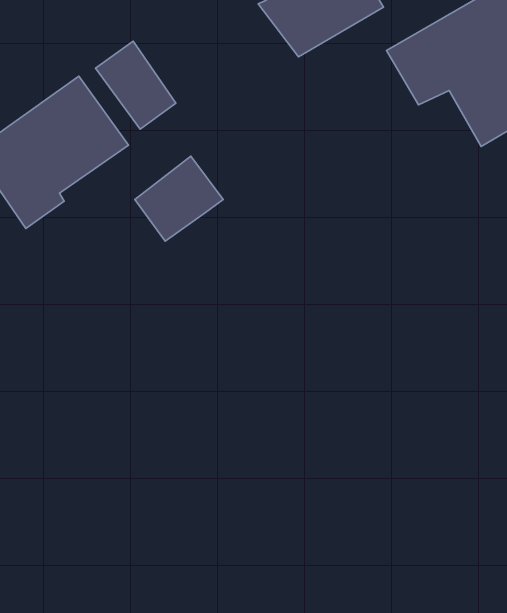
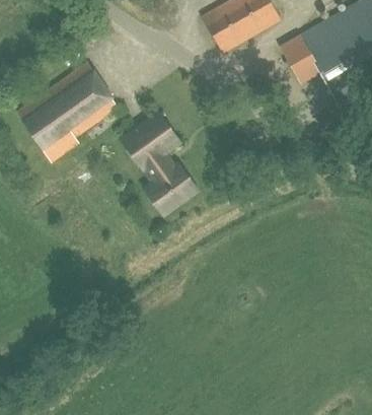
building: [96,41,176,129] -> none
building: none -> [140,148,195,213]

